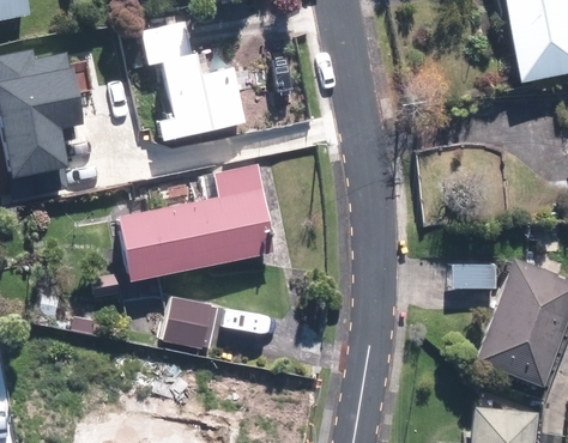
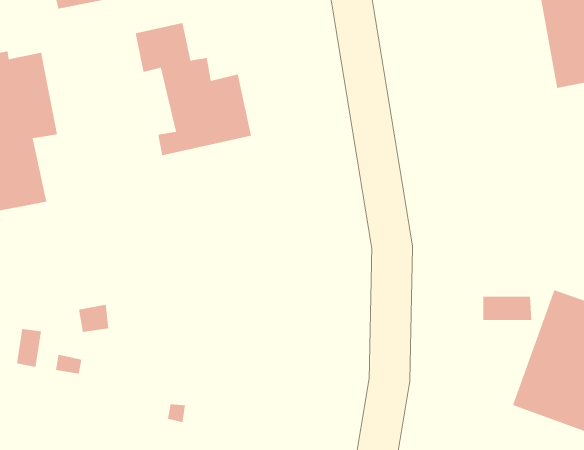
building: [120,163,274,279] -> none
building: [164,297,218,348] -> none

